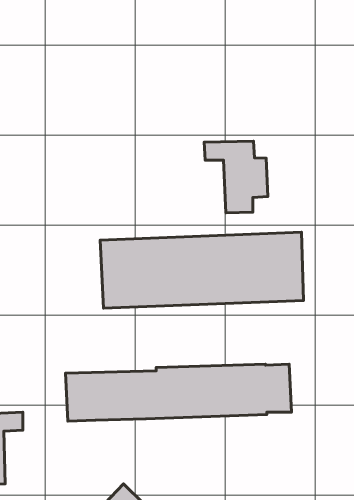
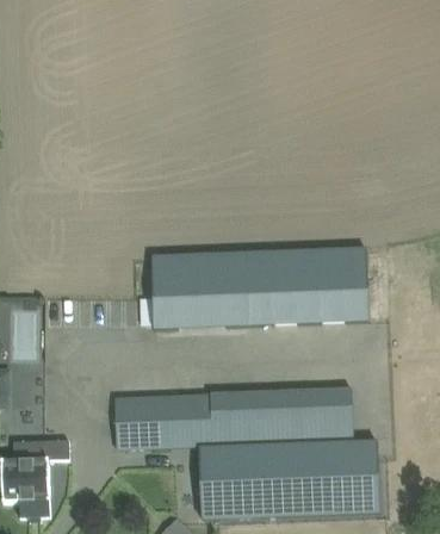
building: [204,141,268,213] -> none
building: none -> [200,439,379,519]

